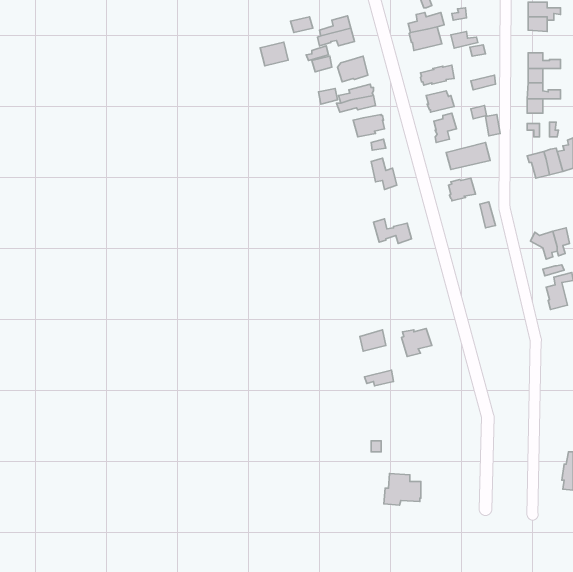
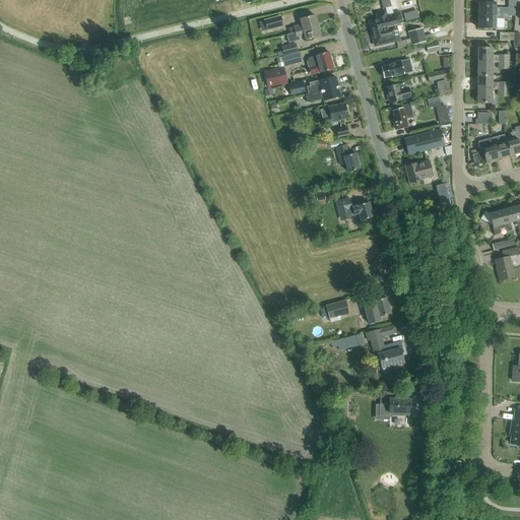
building: [260,42,288,66] -> [263,66,288,87]
building: none -> [366,329,404,371]
building: [384,474,421,505] -> [375,391,408,419]

